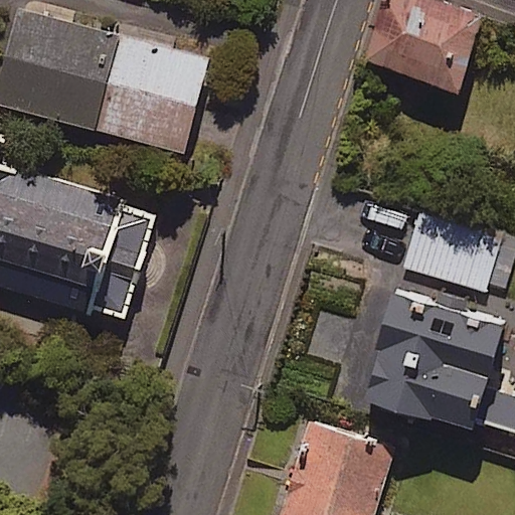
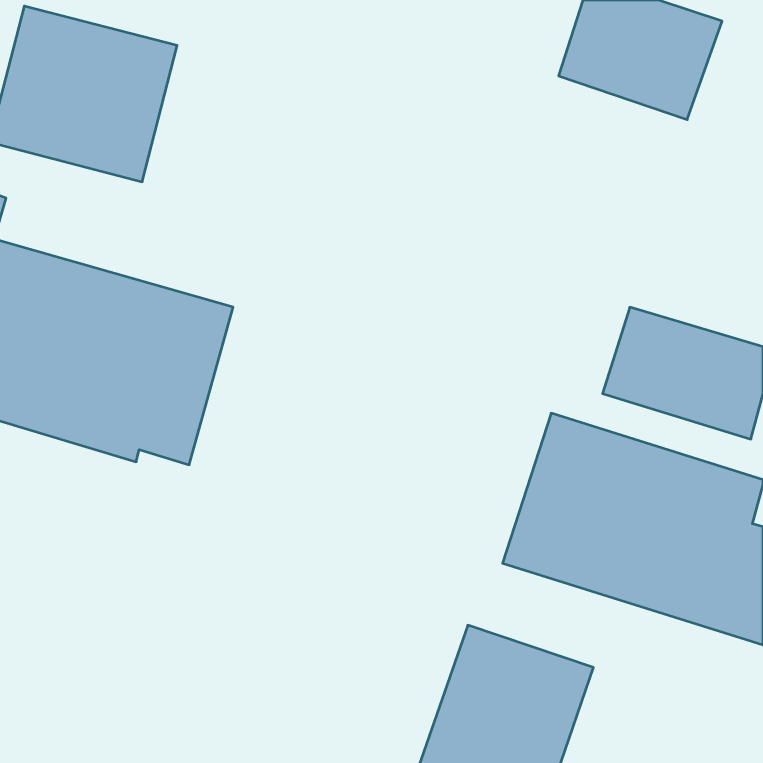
building: [95,37,206,151] -> none

